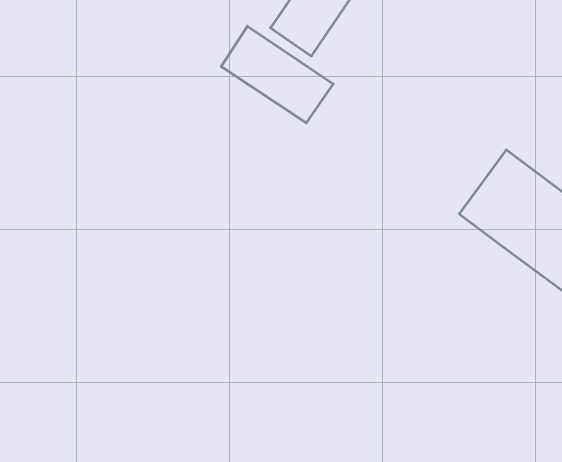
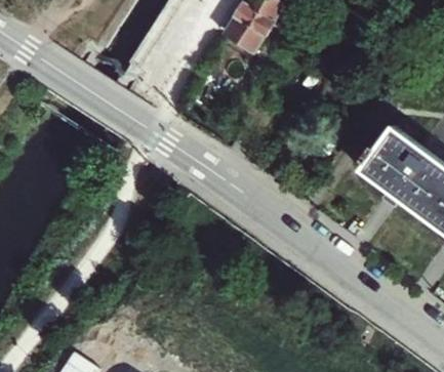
building: [221,26,333,123] -> none

